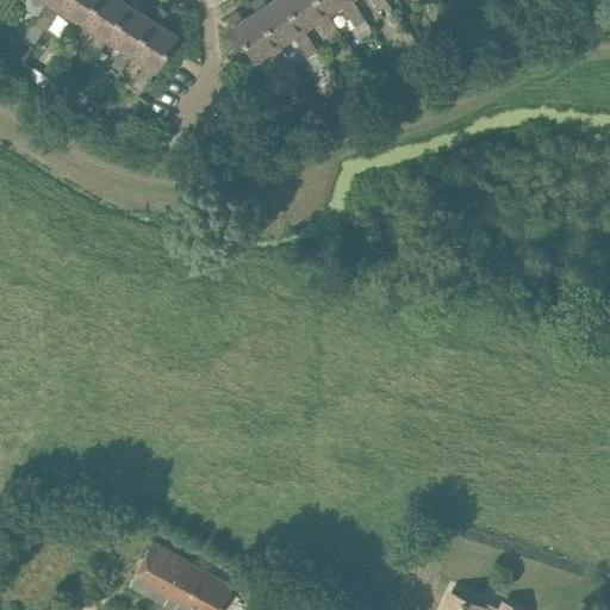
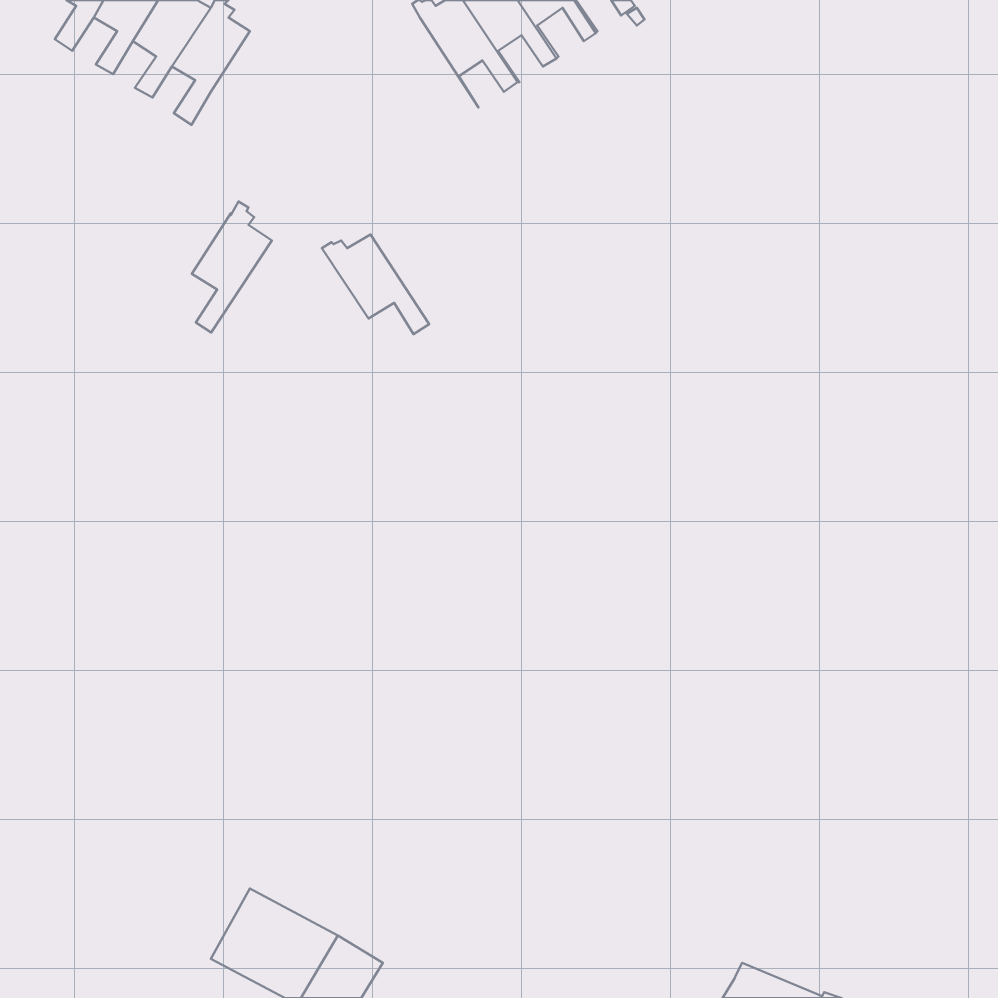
building: [226,11,292,71] -> [322,234,429,334]
building: [129,12,178,92] -> [192,202,272,332]

